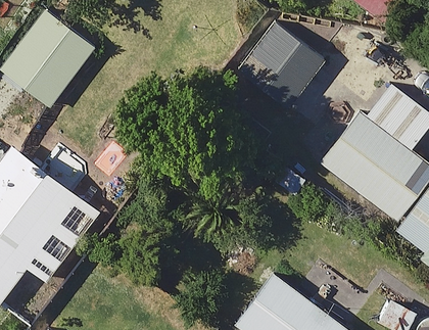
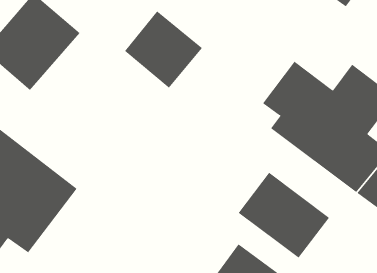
building: [240,26,324,108] -> [124,11,203,88]
building: none -> [238,172,330,259]

